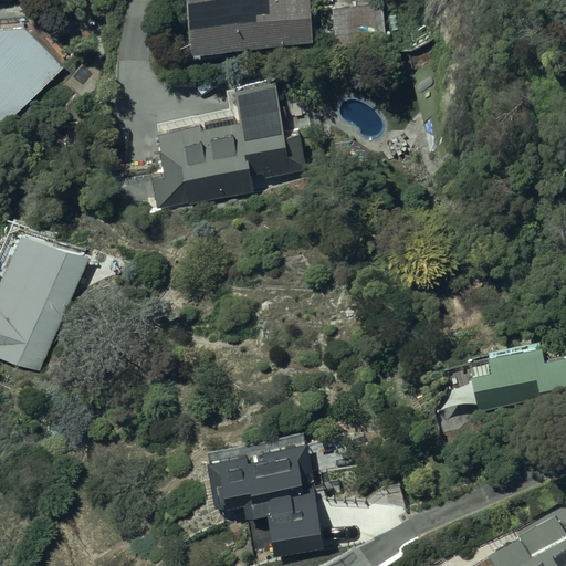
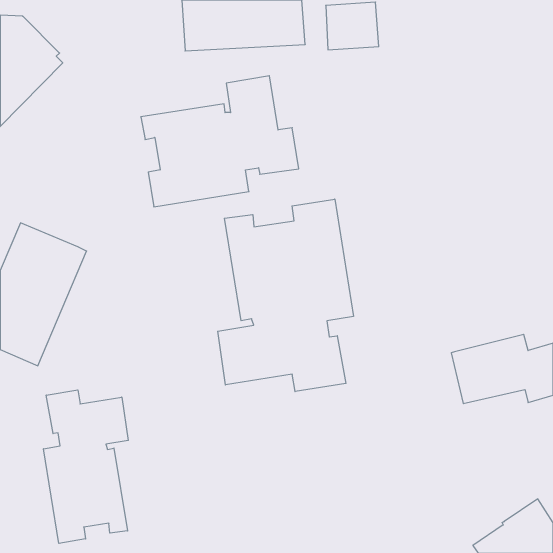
building: none -> [218,199,353,392]
building: none -> [44,390,128,543]
building: [205,434,324,557] -> none

